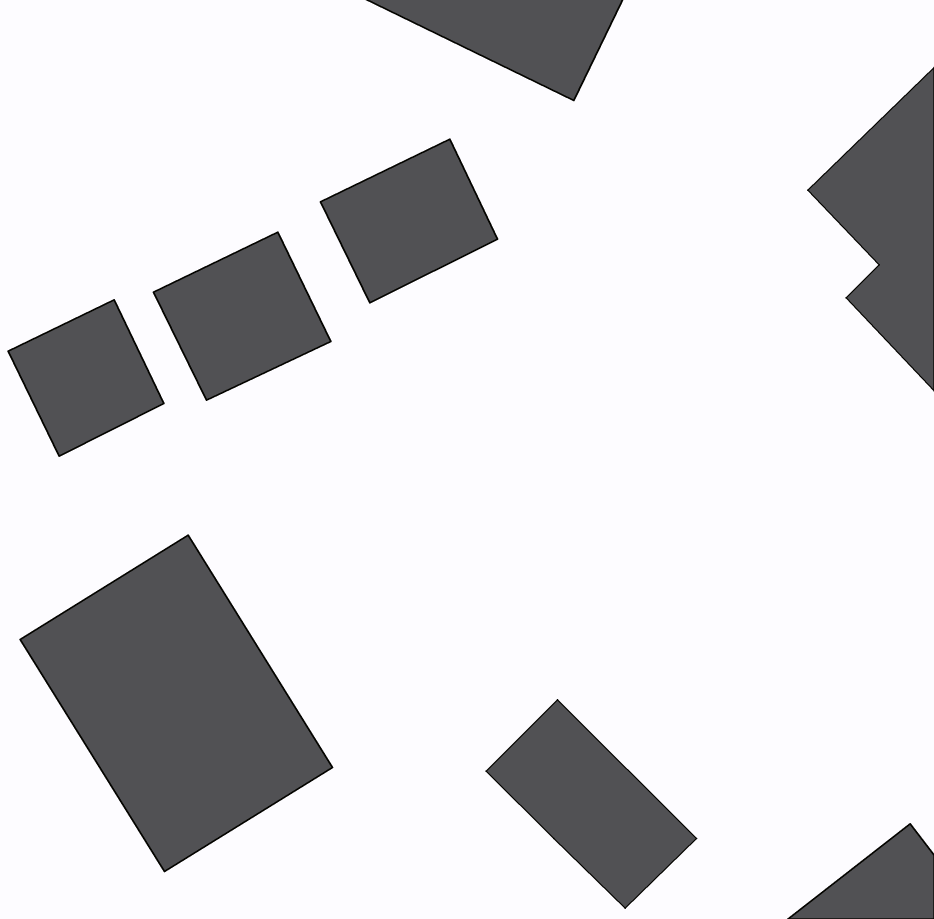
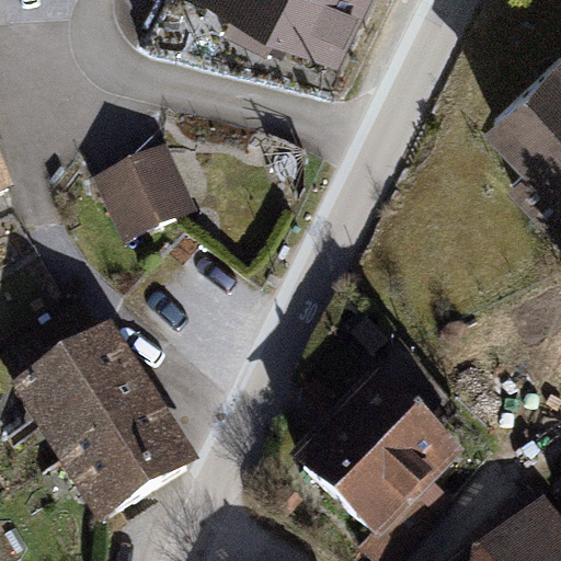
building: [321,139,498,303] -> none
building: [8,300,164,456] -> none
building: none -> [334,380,457,503]

